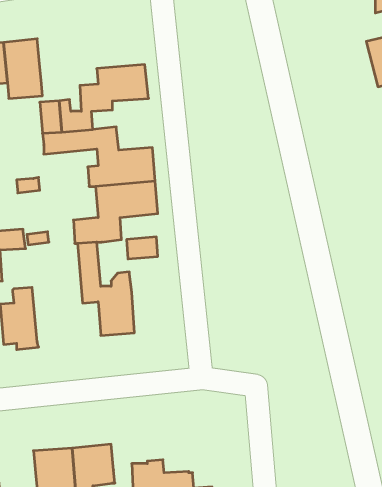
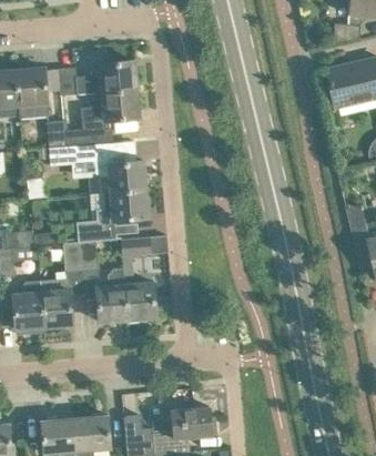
building: none -> [59,61,136,95]
building: none -> [40,243,83,327]
building: none -> [125,283,156,320]
building: none -> [172,407,216,439]

